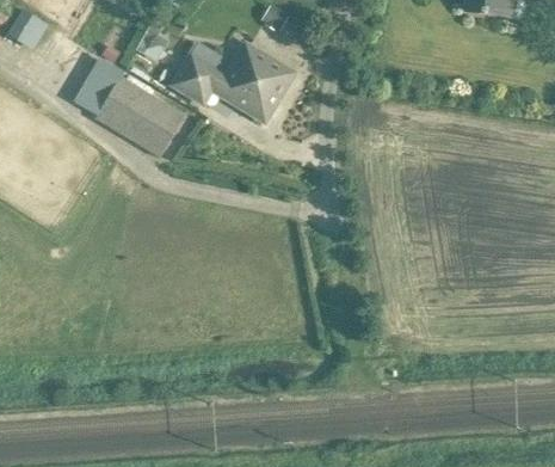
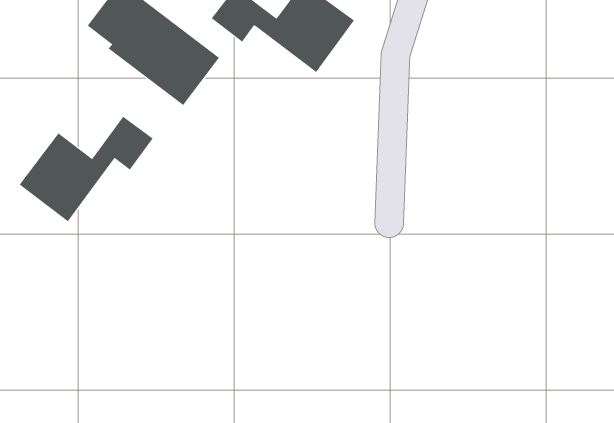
building: none -> [19,116,154,222]

